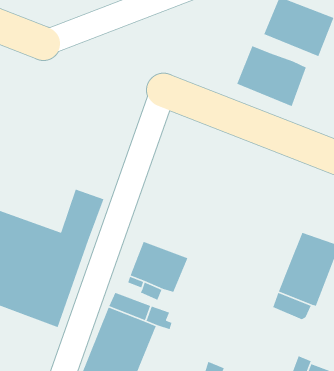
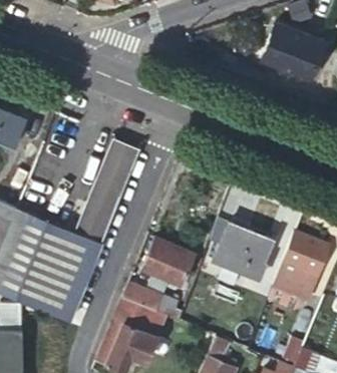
building: [236,45,307,107] -> none
building: none -> [93,136,138,203]
building: none -> [212,221,277,279]

